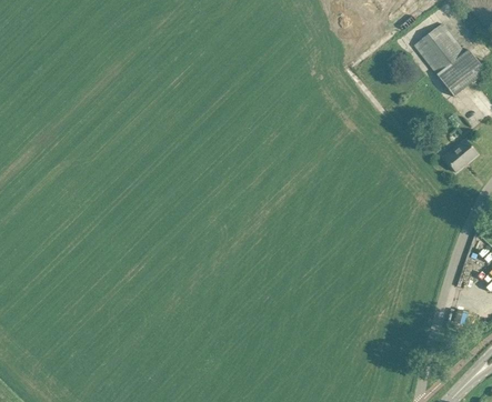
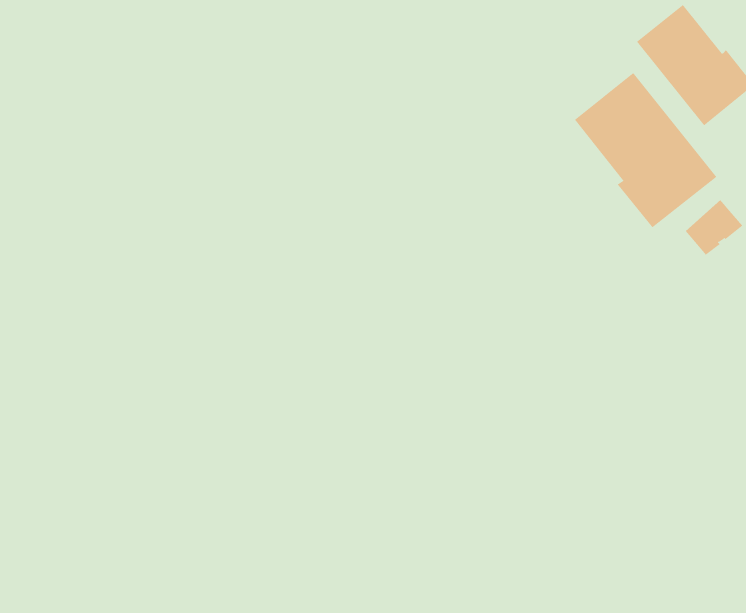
building: none -> [574,72,717,228]

